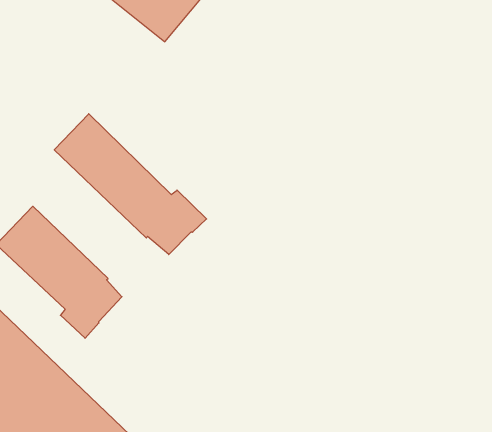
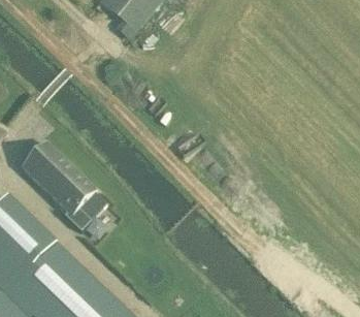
building: [54,114,207,255] -> none

